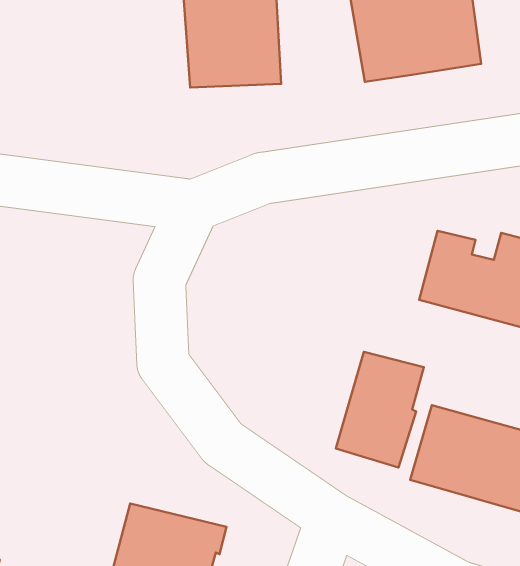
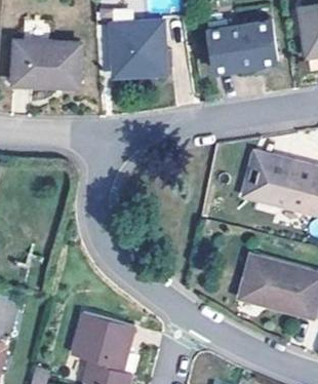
building: none -> [11,39,81,88]
building: [336,352,424,467] -> none

